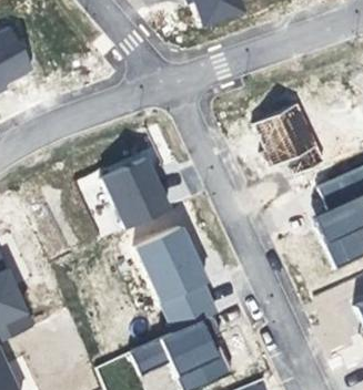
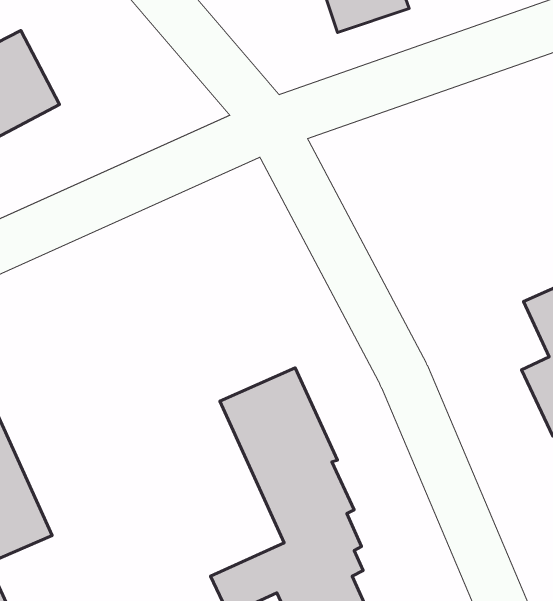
building: [254,103,325,170] -> none
building: [102,157,169,227] -> none

